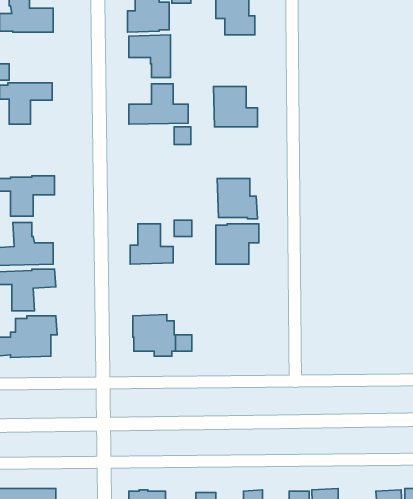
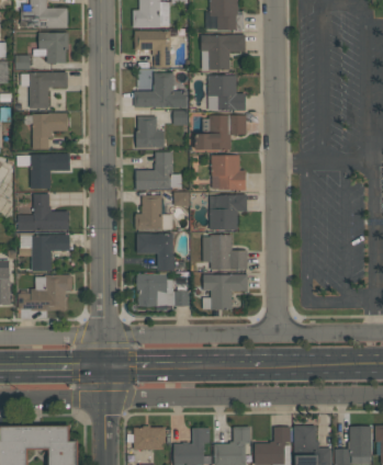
building: none -> [33,33,68,64]
building: none -> [201,35,245,70]
building: none -> [32,113,68,150]
building: none -> [136,116,165,148]
building: none -> [194,116,246,150]
building: none -> [136,152,181,191]
building: none -> [136,234,174,271]
building: none -> [203,236,247,270]
building: none -> [203,274,248,310]

